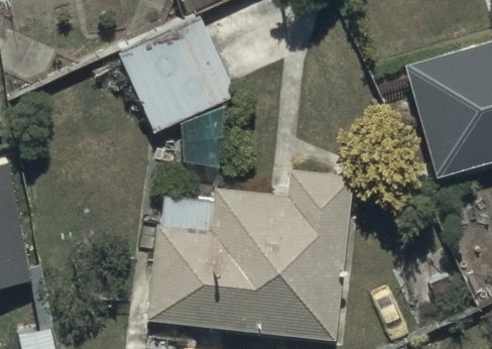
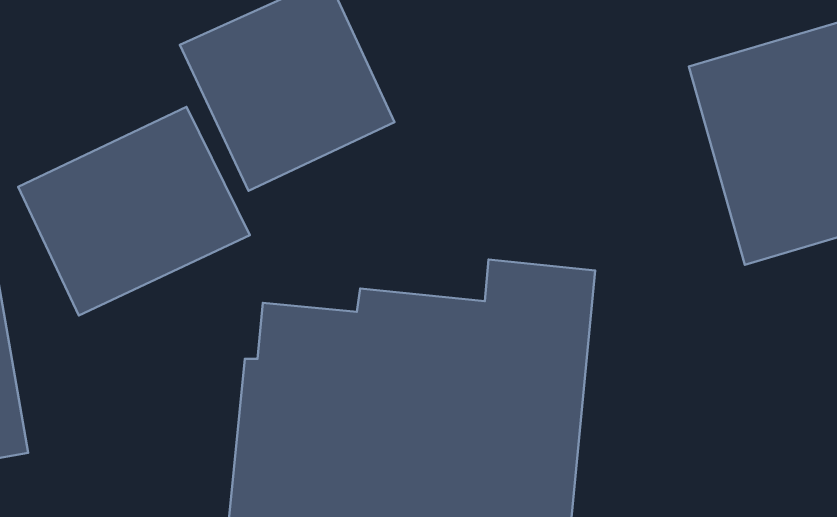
building: none -> [18,107,250,315]

